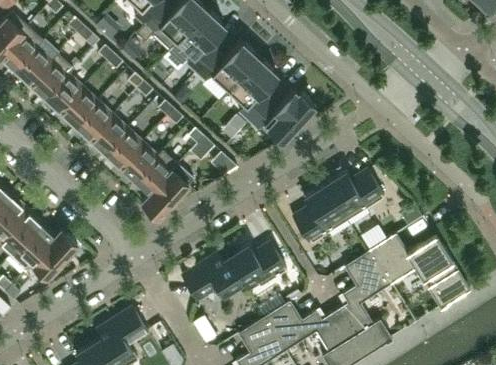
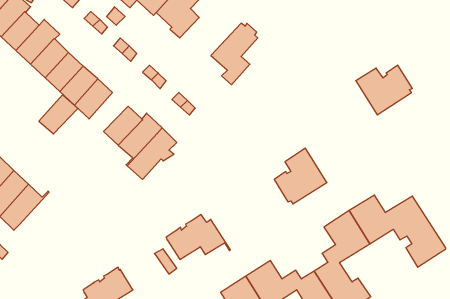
building: [196,41,259,91] -> none
building: [249,90,315,139] -> none
building: [103,129,143,169] -> [39,95,78,134]
building: [325,170,383,221] -> [356,65,412,115]
building: [32,230,77,278] -> none
building: [228,243,286,290] -> none

